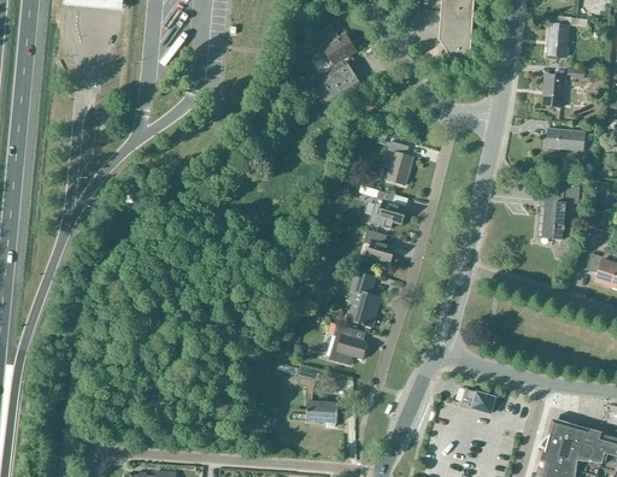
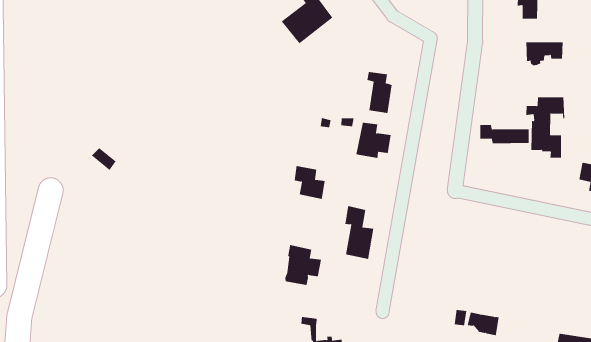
building: none -> [480,124,529,144]
building: [363,228,394,264] -> [294,165,326,199]
building: [328,323,366,365] -> [284,244,322,285]

